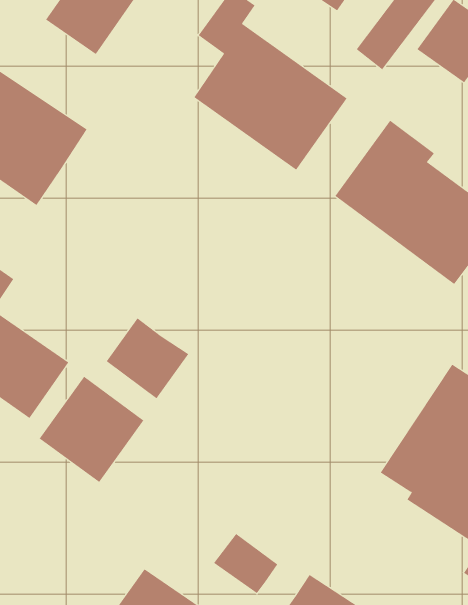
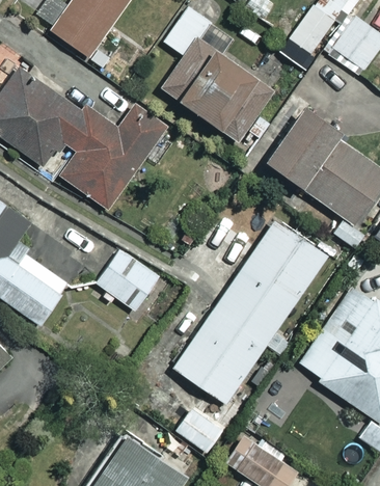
building: none -> [60,104,165,209]
building: none -> [173,219,327,403]
building: [39,376,144,483] -> none

